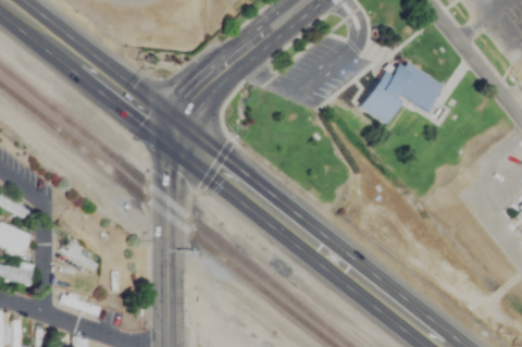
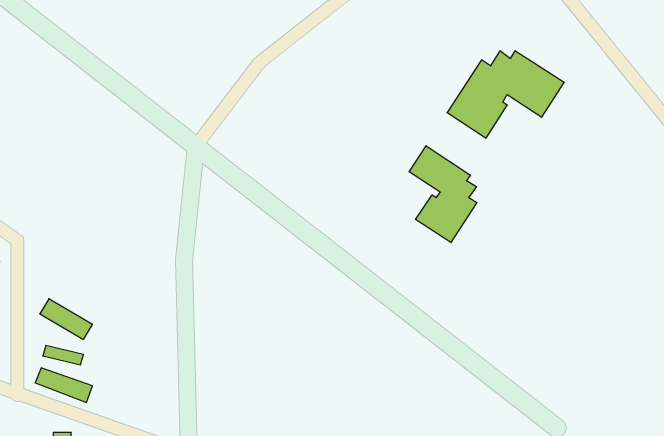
building: none -> [409,146,477,243]

